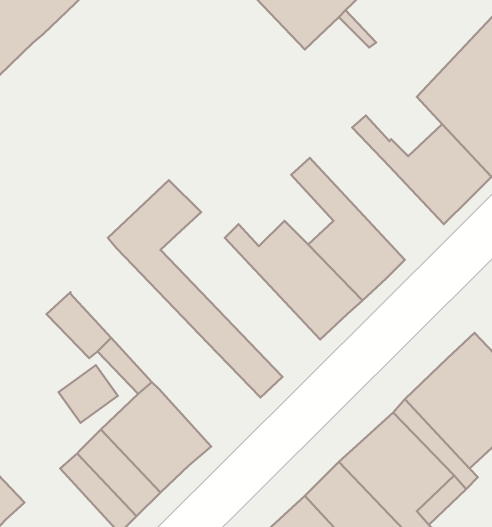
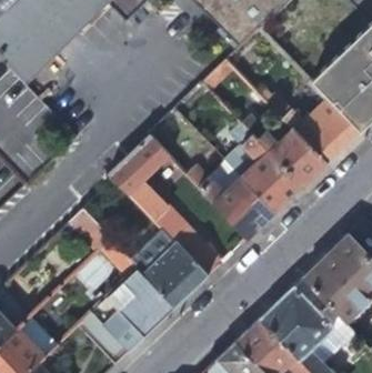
building: none -> [243,114,329,187]
building: none -> [142,241,209,309]

